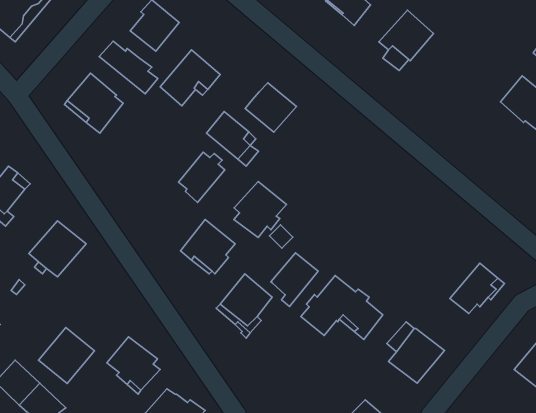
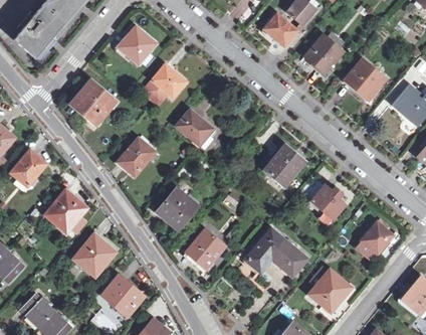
building: [99,41,158,94] -> none
building: none -> [343,61,384,100]
building: [245,83,297,132] -> none
building: [179,152,225,203] -> [120,139,154,176]
building: none -> [263,146,305,188]
building: [234,181,287,237] -> none
building: none -> [310,184,345,220]
building: [271,253,318,307] -> none
building: [39,327,95,383] -> [74,234,116,276]

